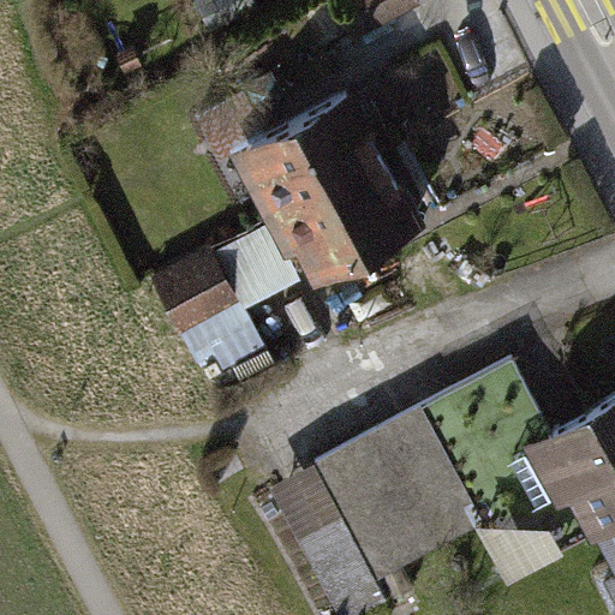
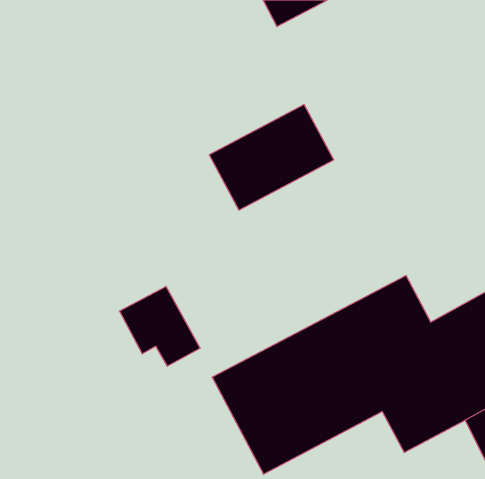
building: [228,72,386,204] -> none
building: [153,249,255,350] -> [119,286,200,366]

